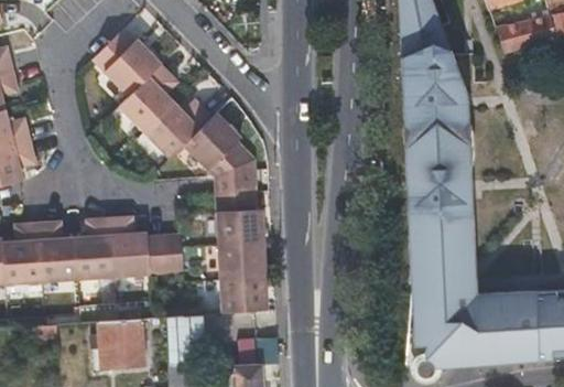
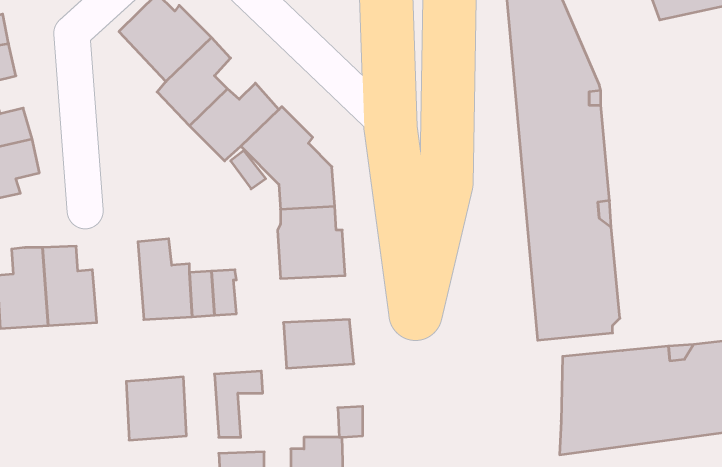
building: [76,217,115,278] -> none
building: [217,243,269,278] -> none
building: [410,275,474,353] -> none

